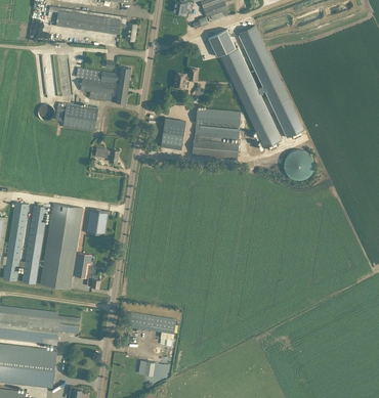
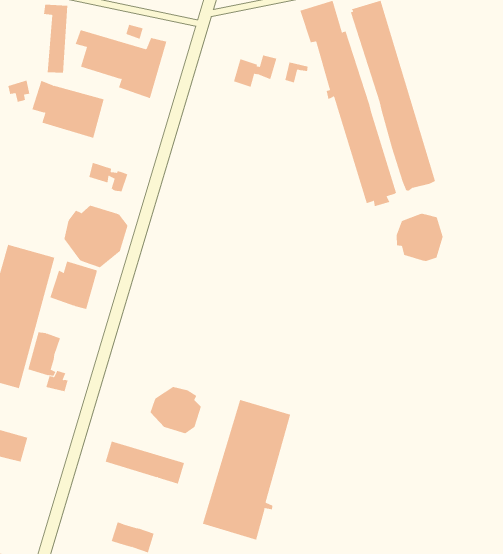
building: [192,107,240,160] -> none
building: [160,118,185,149] -> none
building: none -> [64,205,128,268]
building: none -> [150,386,201,434]
building: none -> [202,399,291,540]

